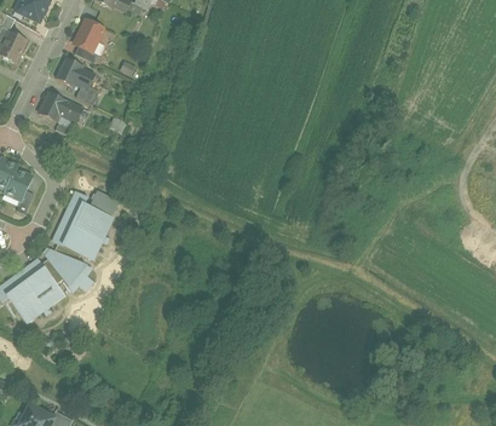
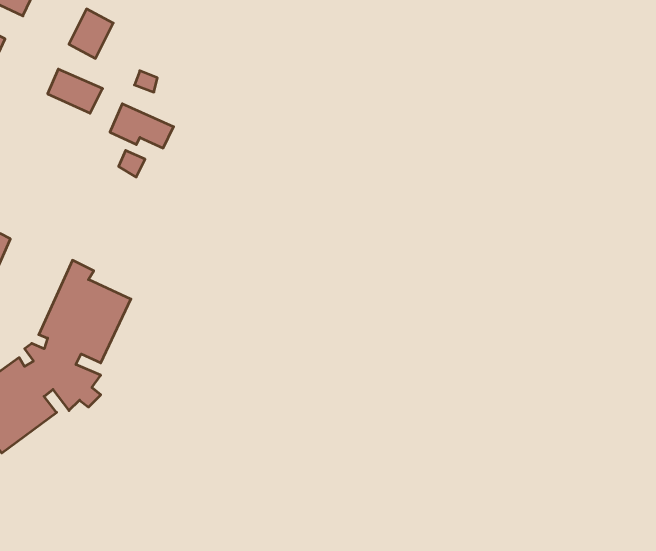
building: [40,93,83,123] -> [110,104,174,148]

